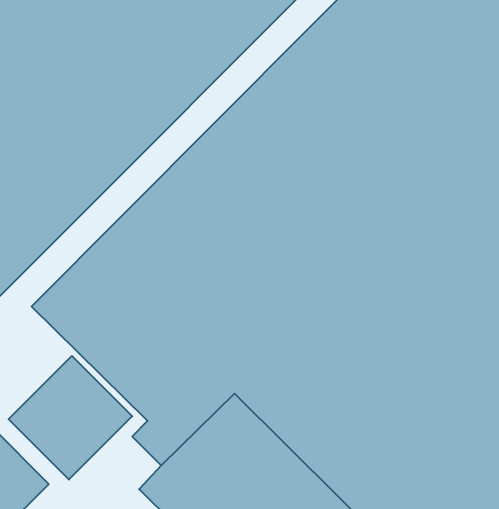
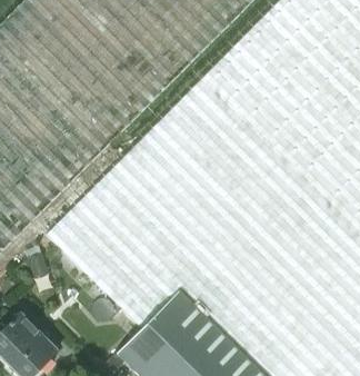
building: [9,356,132,480] -> none

